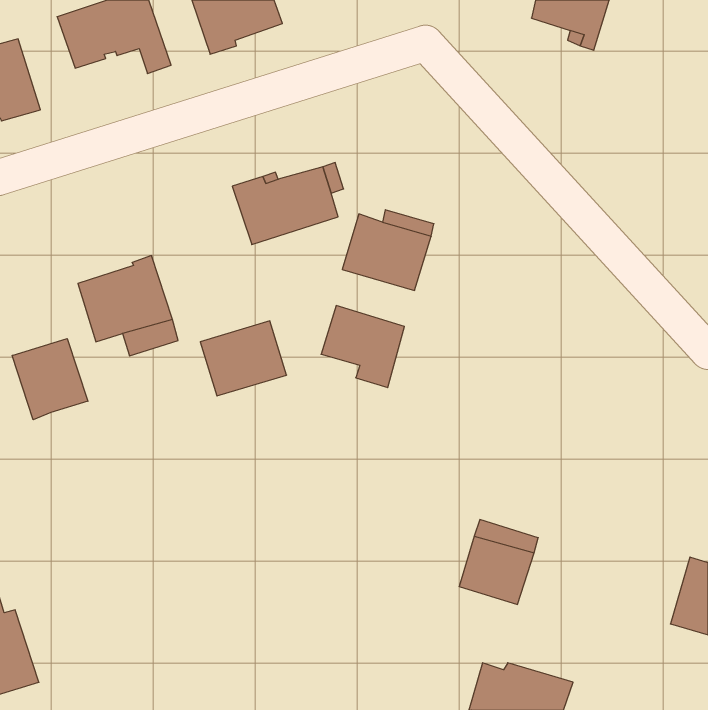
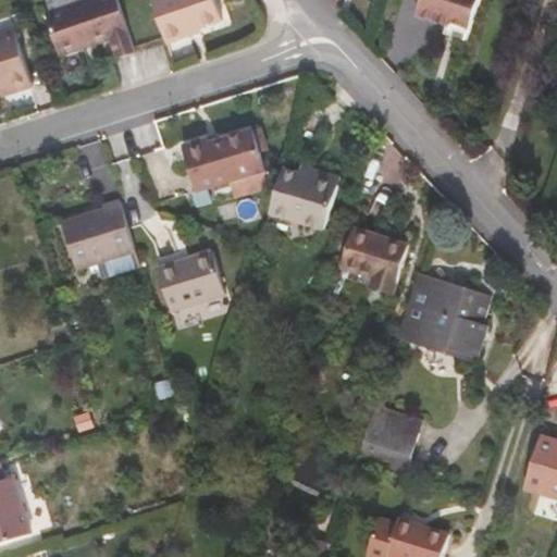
building: [321,306,404,388] -> [342,228,407,293]
building: [12,339,88,420] -> none
building: none -> [399,274,488,355]

